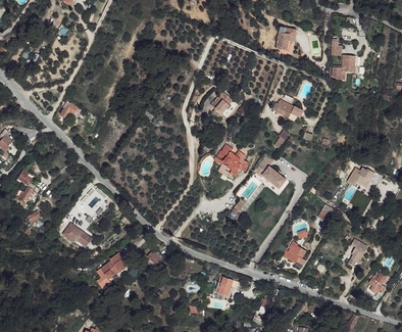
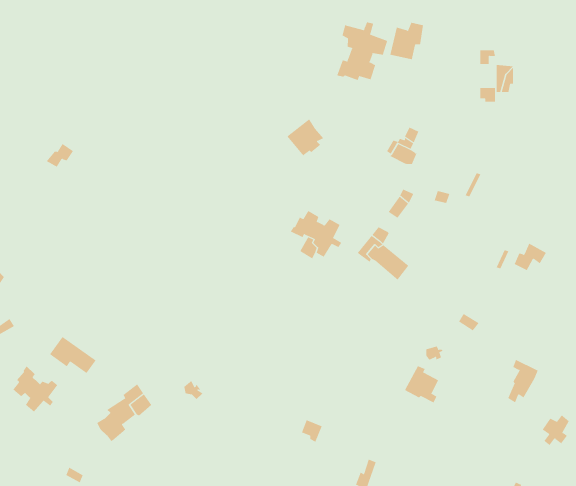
building: none -> [336,21,388,81]
building: none -> [12,365,58,412]

